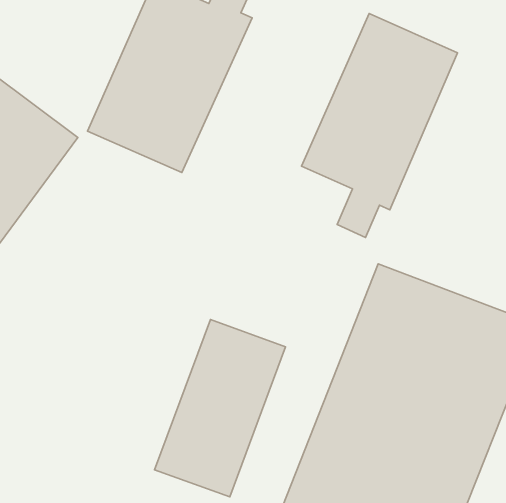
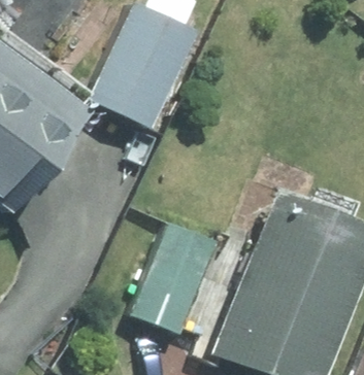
building: [302,14,458,237] -> none

